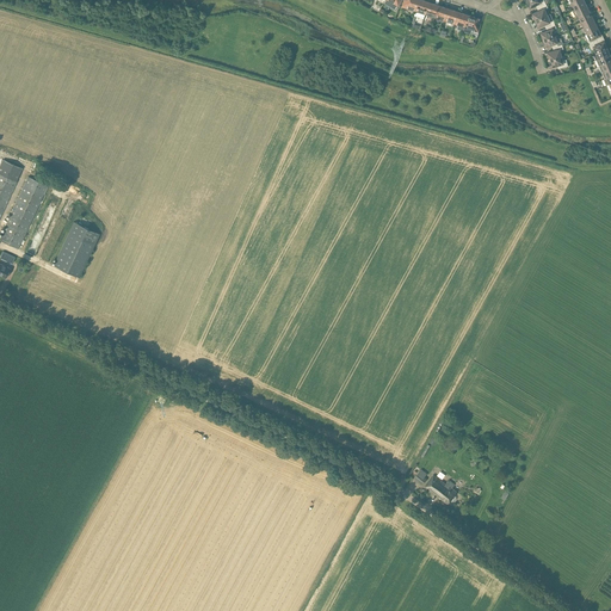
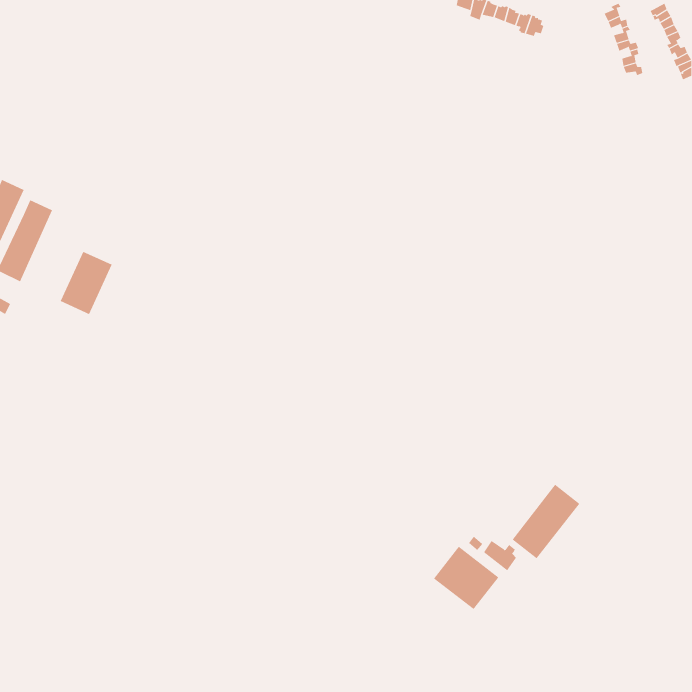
building: none -> [512,484,580,559]
building: none -> [433,546,499,610]

